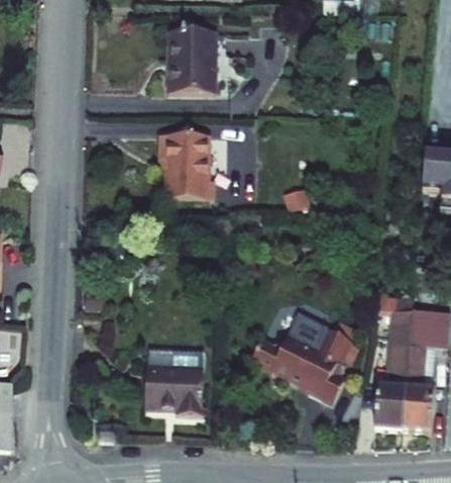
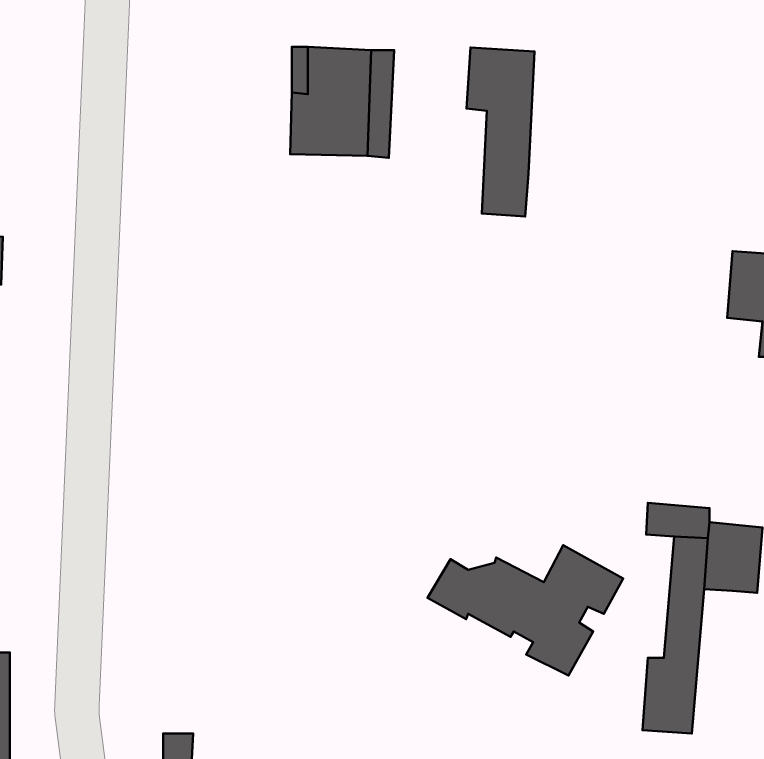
building: none -> [466,48,534,216]
building: [159,138,214,201] -> none
building: [400,347,428,431] -> none
building: [138,349,199,412] -> none

